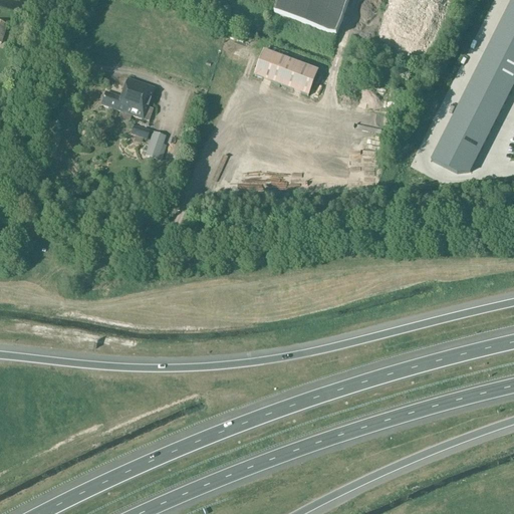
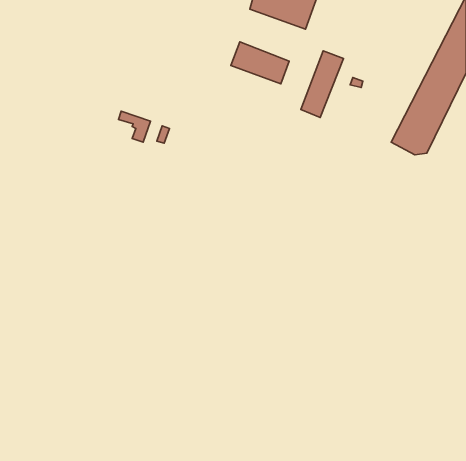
building: none -> [301,51,344,117]
building: [100,75,155,116] -> none

